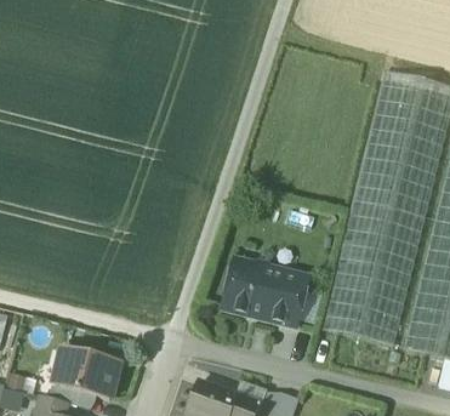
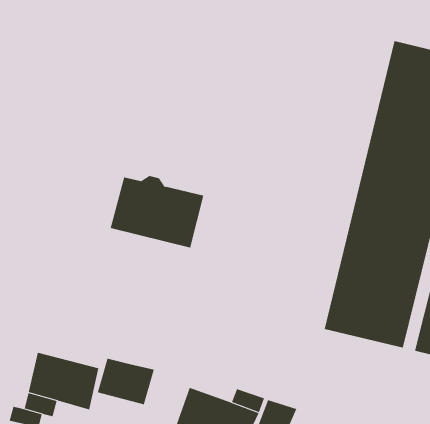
building: [224,261,309,326] -> [110,175,204,248]
building: none -> [97,358,155,405]

